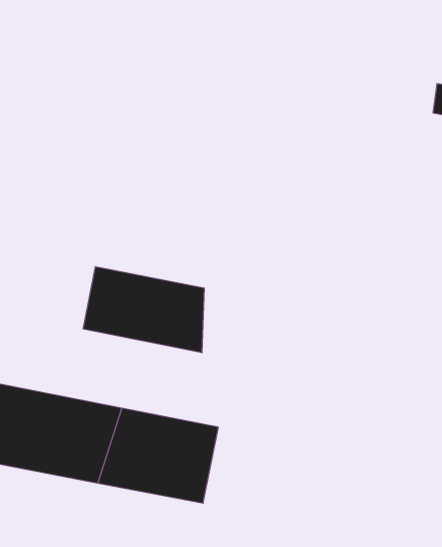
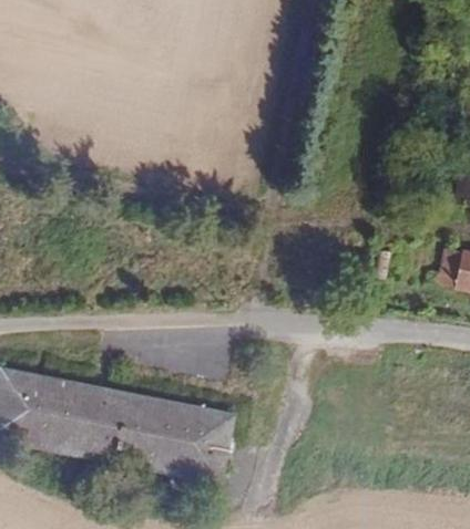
building: [83,267,204,353] -> none

